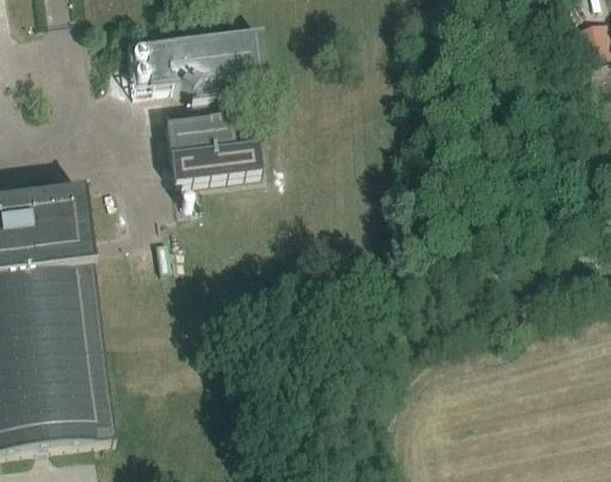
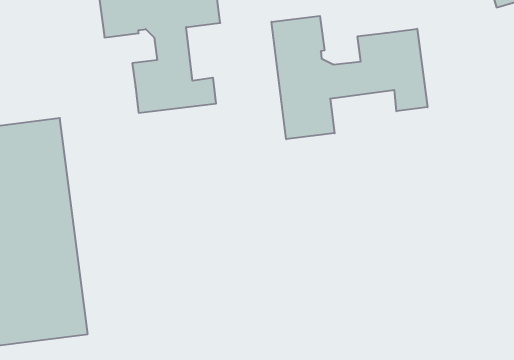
building: none -> [272,16,427,139]

